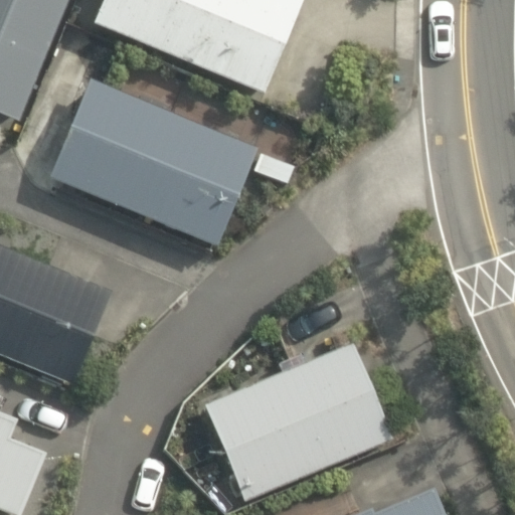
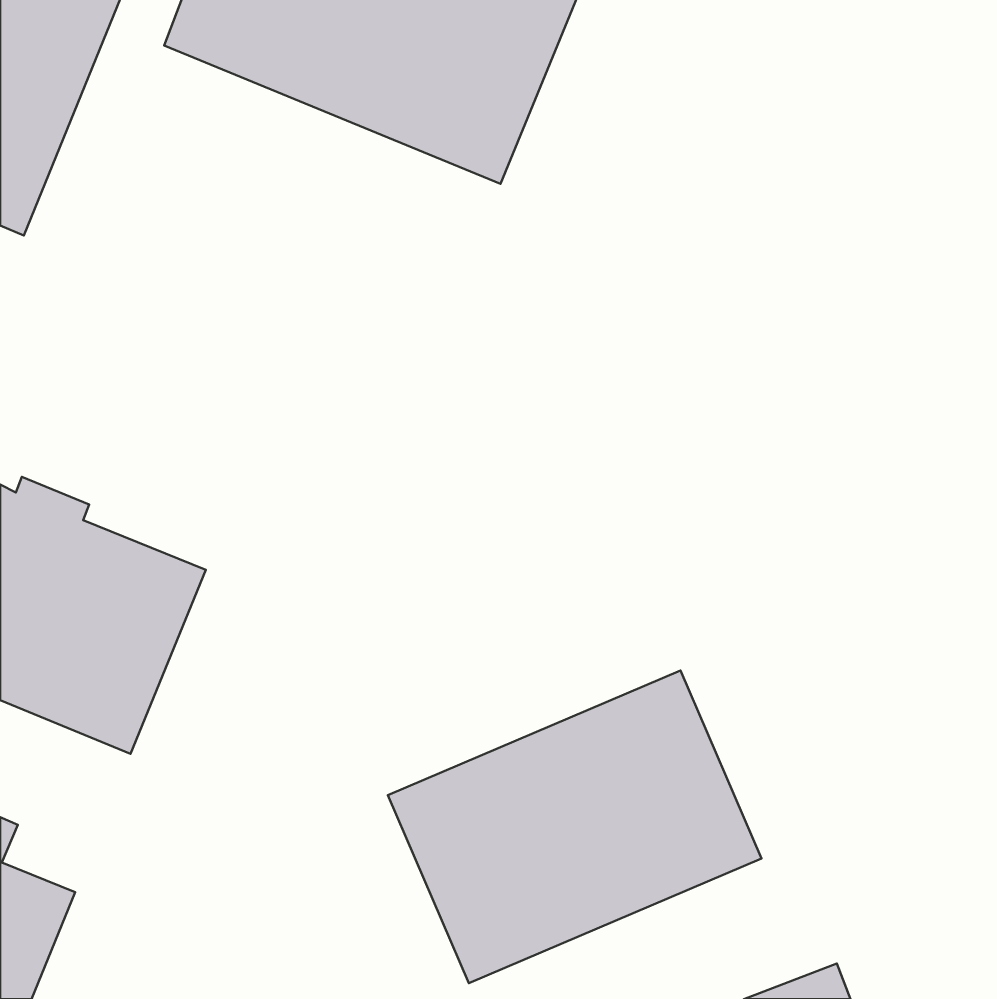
building: [47,78,255,246] -> none

